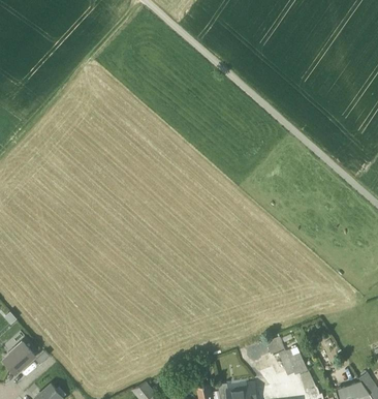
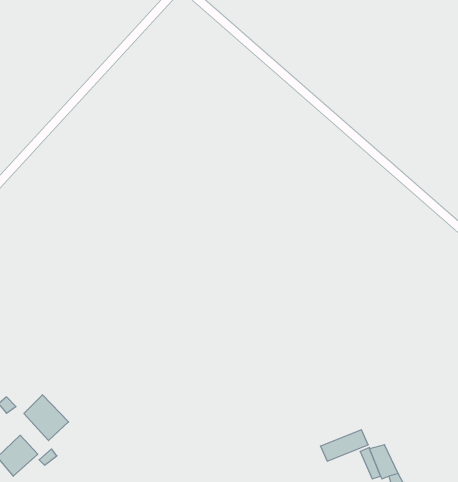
building: none -> [24,395,69,441]

